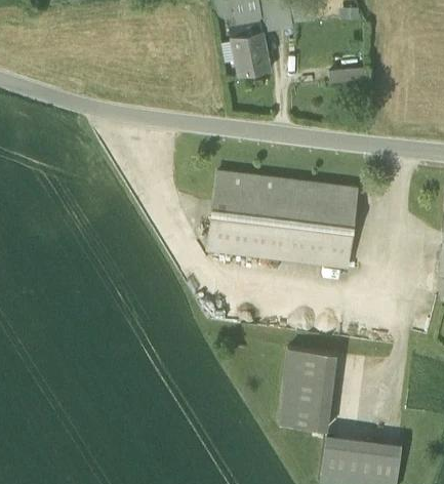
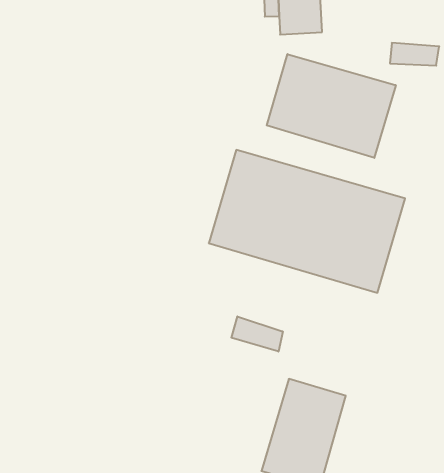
building: none -> [267,54,396,158]
building: none -> [231,316,283,352]

